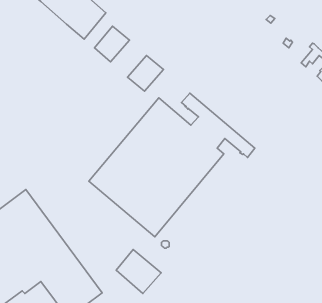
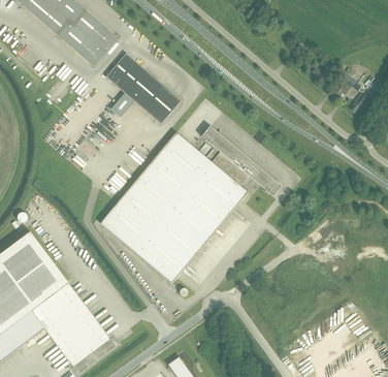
building: none -> [123,68,162,108]
building: [116,249,161,294] -> none

